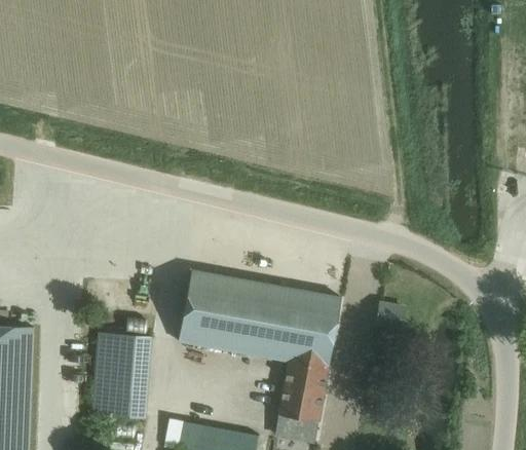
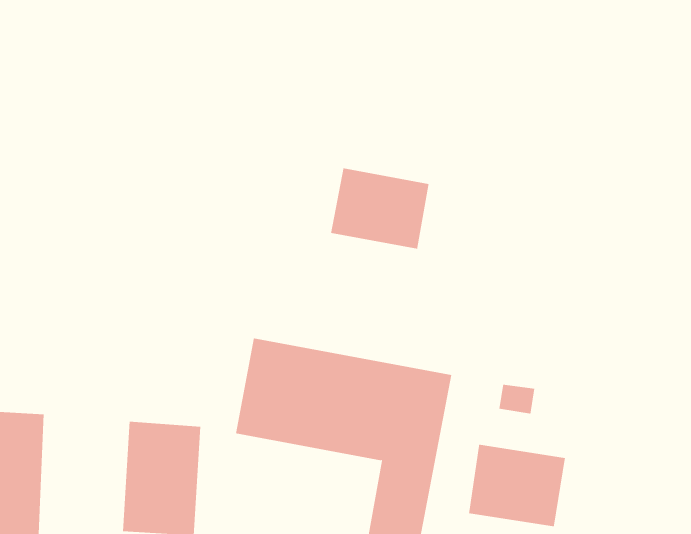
building: none -> [331,167,429,250]
building: none -> [468,444,565,527]

